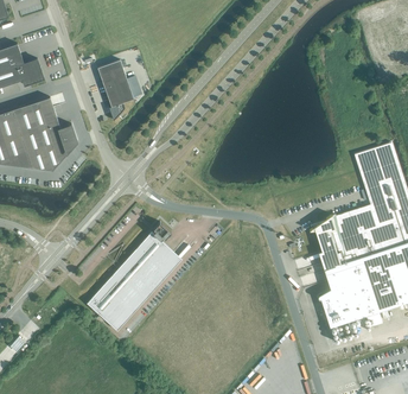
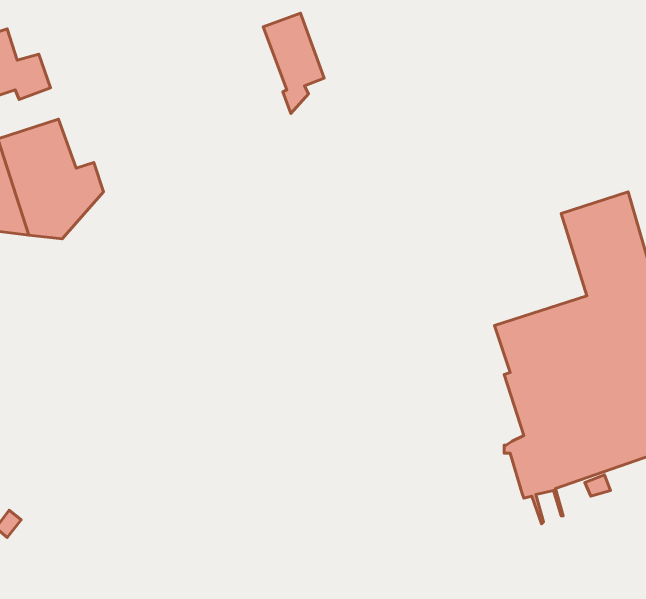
building: [97,59,134,120] -> [263,13,324,113]
building: [87,221,181,330] -> none

